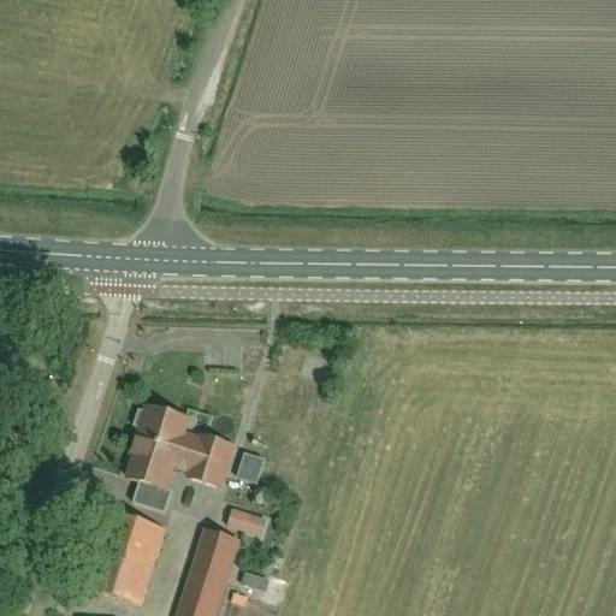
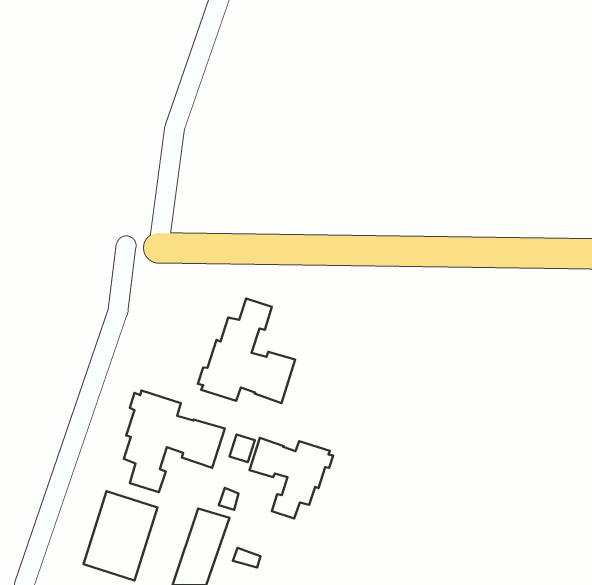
building: none -> [198,299,295,403]
building: none -> [250,438,333,518]

